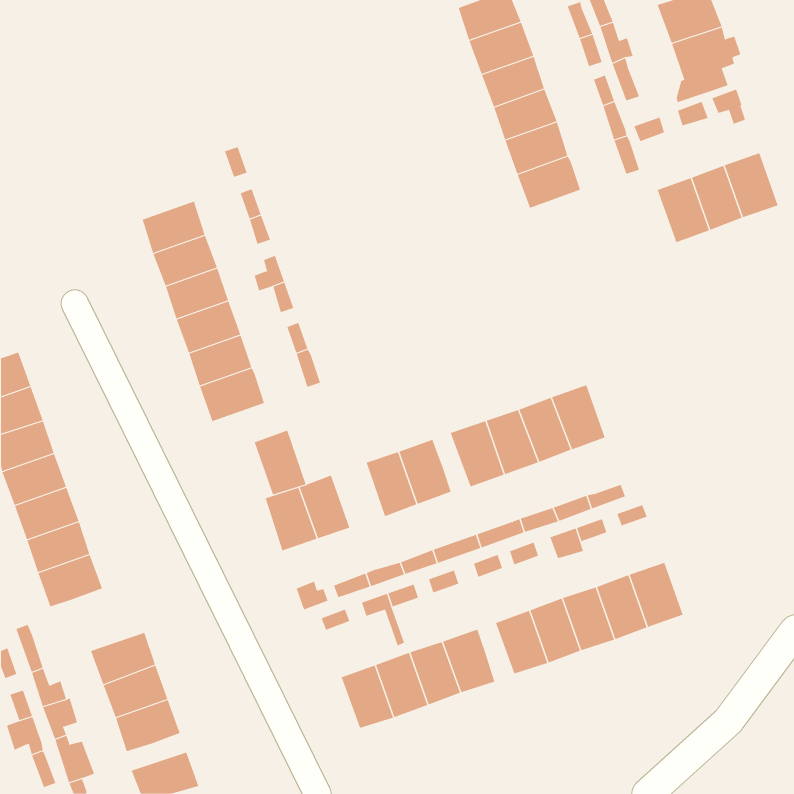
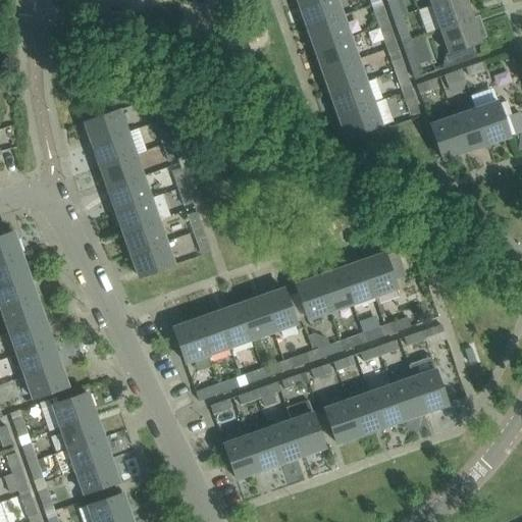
building: none -> [86,109,128,144]
building: [254,430,307,495] -> [218,303,253,346]
building: none -> [53,392,96,426]

